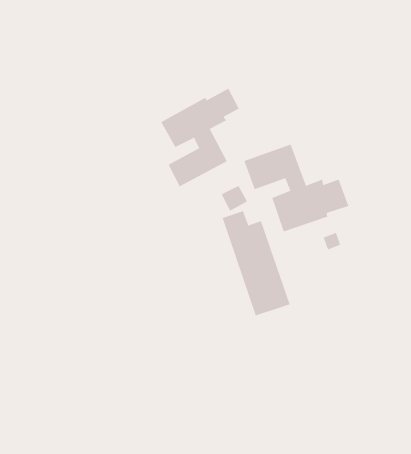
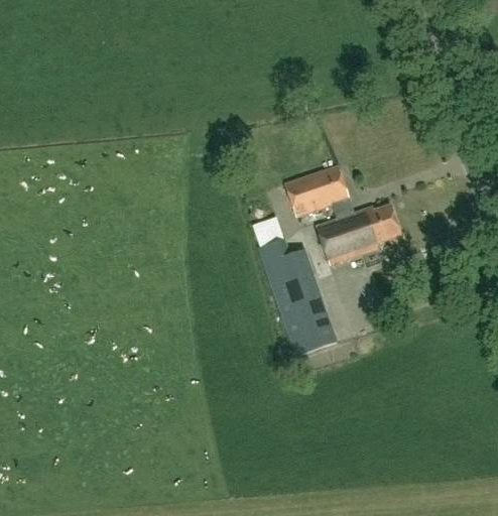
building: [160,88,240,187] -> none

